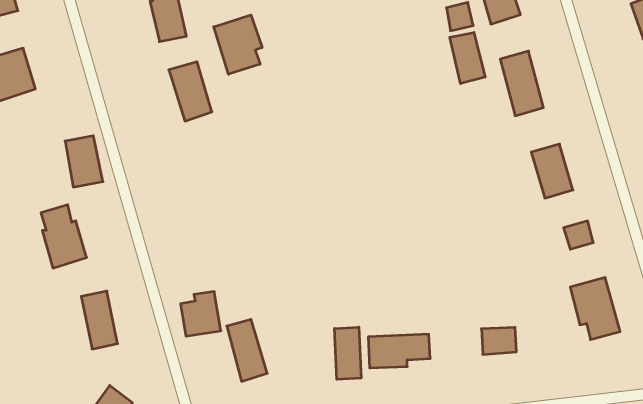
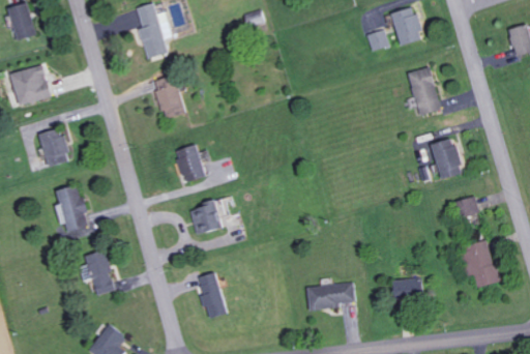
building: [214,15,262,74] -> none
building: [450,32,485,84] -> none
building: [65,136,103,187] -> [38,127,67,167]
building: none -> [174,144,206,183]
building: [181,292,221,336] -> [190,200,222,234]
building: [335,327,361,379] -> none

